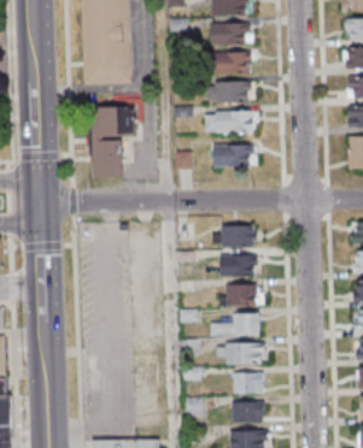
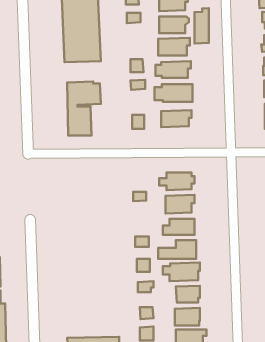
building: none -> [194,8,209,44]

